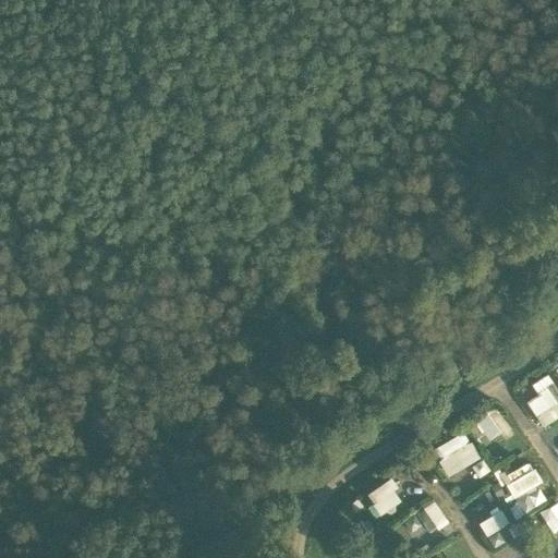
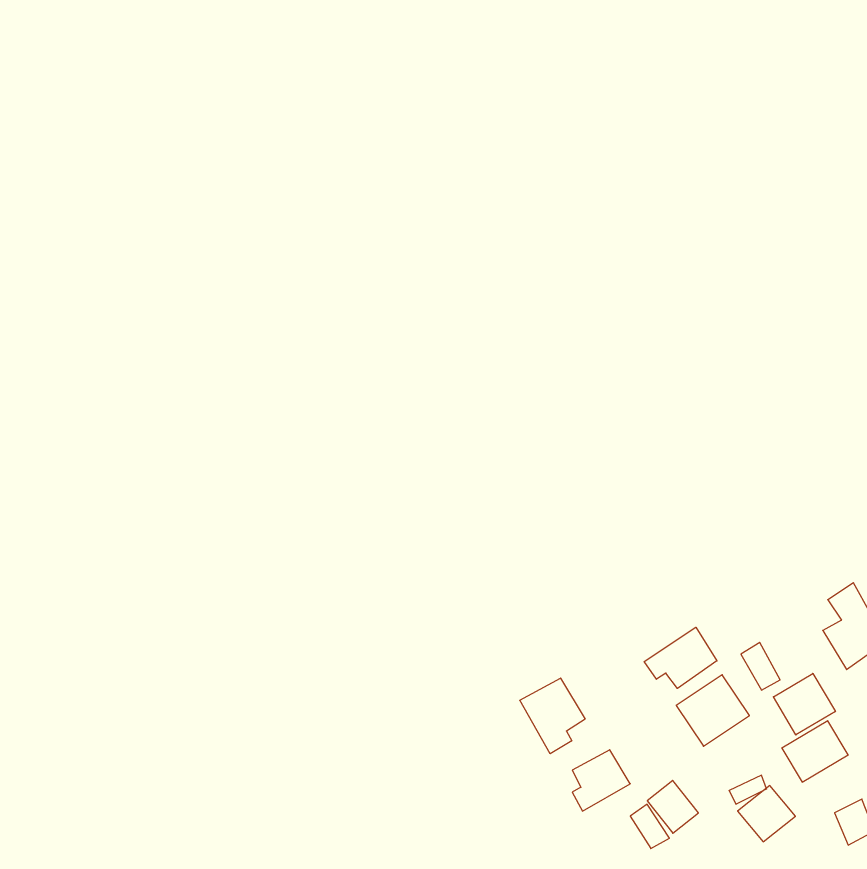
building: none -> [644,627,717,688]
building: none -> [773,673,835,735]
building: none -> [520,678,585,754]

